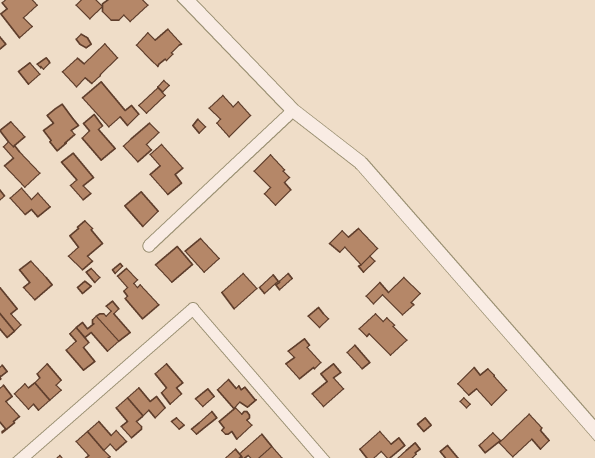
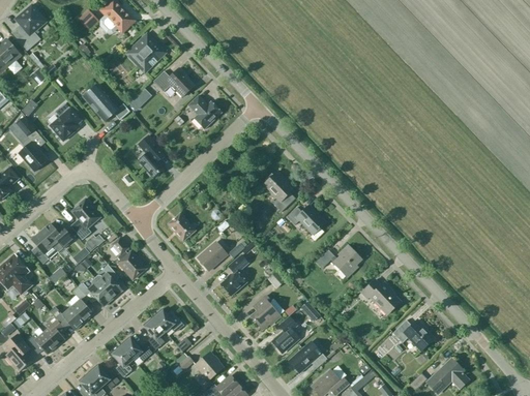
building: [63,44,117,87] -> none
building: none -> [153,67,195,97]
building: [82,115,115,160] -> none
building: [124,123,159,162] -> none
building: [62,153,94,200] -> none
building: [254,155,291,205] -> [264,171,294,212]
building: [10,188,50,217] -> [40,223,73,247]
building: [125,192,158,227] -> none
building: [155,246,192,282] -> none
building: none -> [220,254,248,296]
building: [359,314,407,355] -> [361,279,401,313]
building: none -> [48,305,84,330]
building: [217,380,256,408] -> [152,308,184,332]
building: none -> [290,342,327,372]

